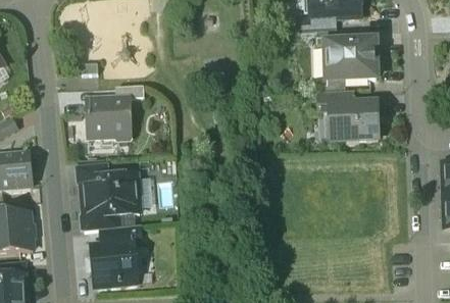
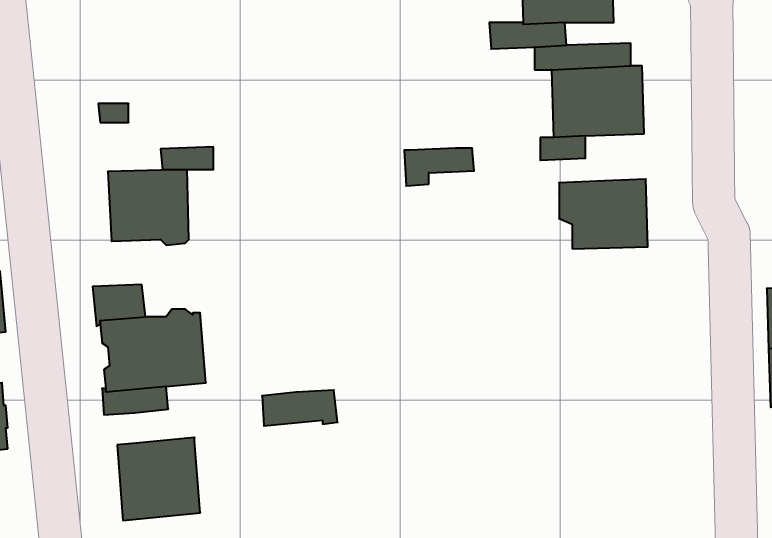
building: [317,91,355,111] -> [404,148,474,186]
building: [101,225,142,245] -> [262,390,338,426]

